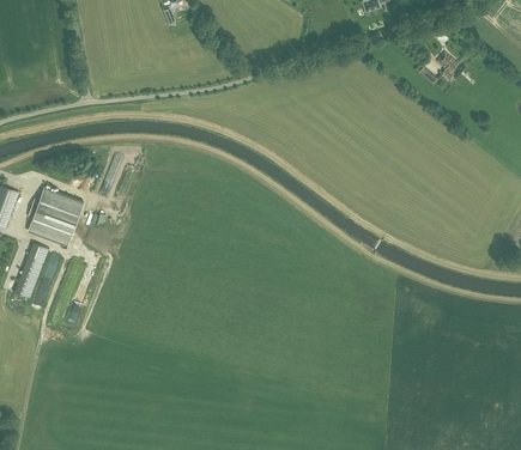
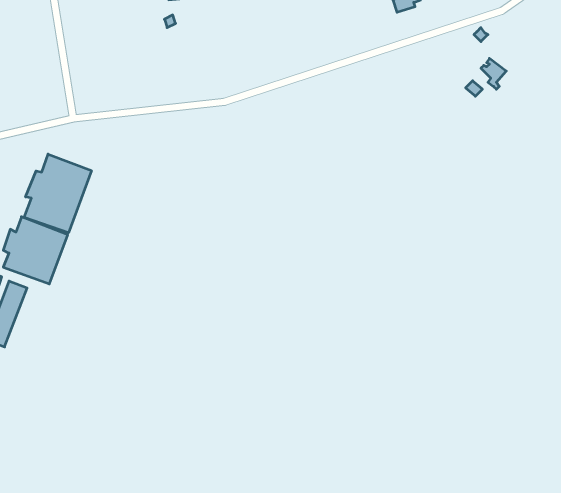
building: none -> [24,154,91,233]

